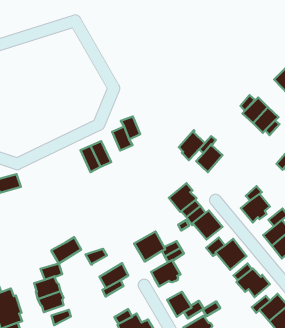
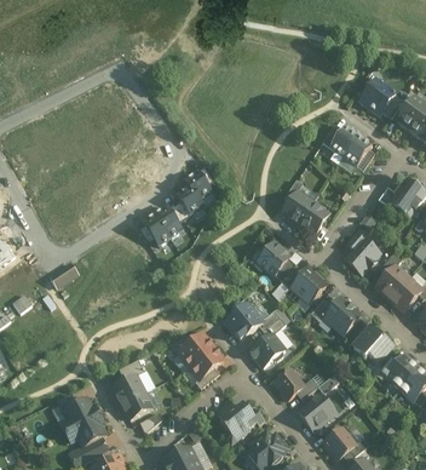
building: [179,130,205,160] -> [299,200,329,236]
building: [51,237,81,263] -> [179,333,214,367]

